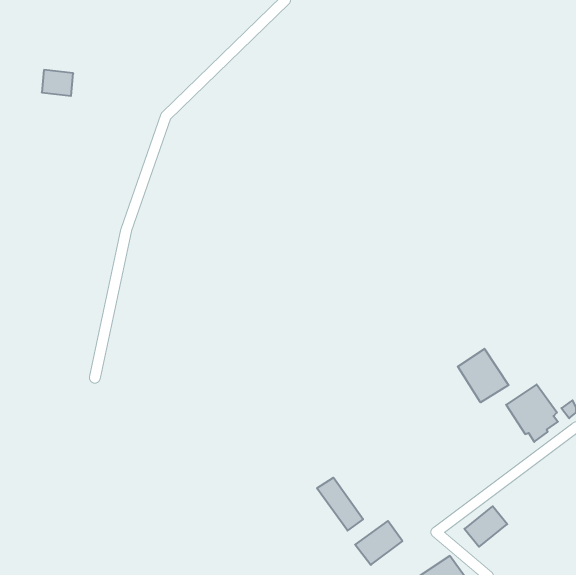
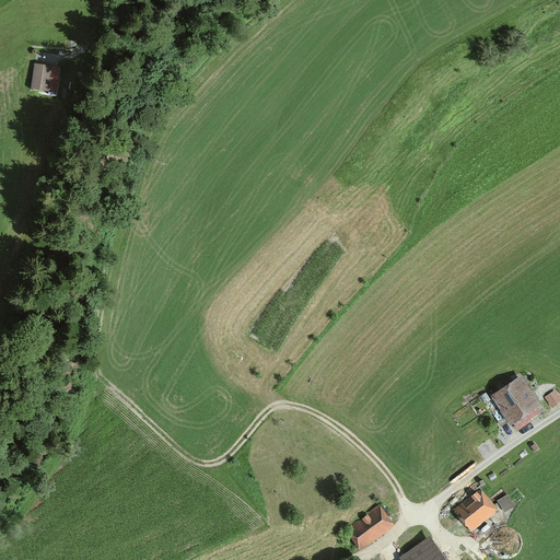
building: [458,349,509,402] -> none
building: [317,478,363,531] -> none

